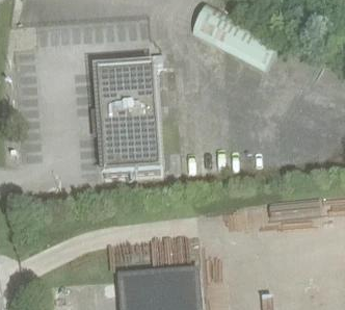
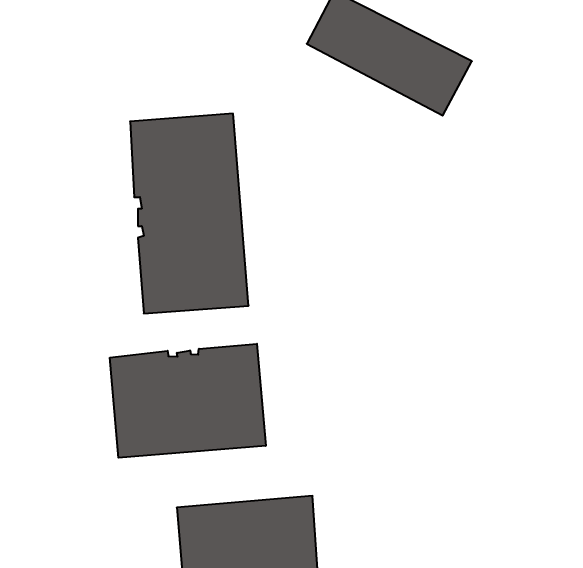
building: none -> [110,344,266,458]

